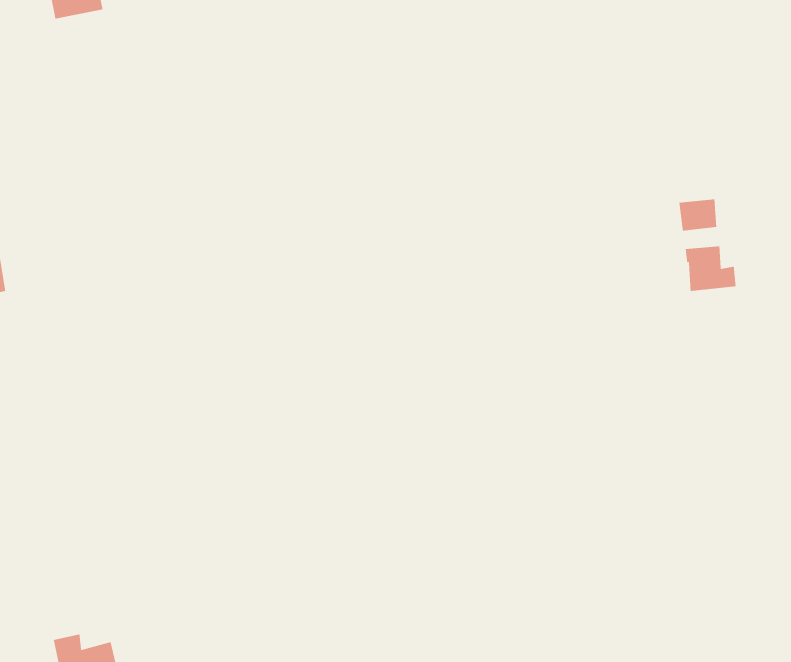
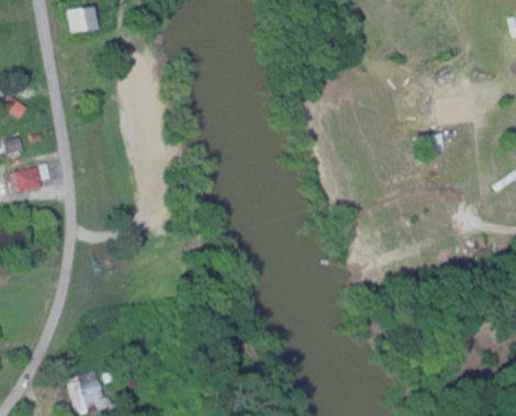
building: [685,245,737,292] -> none

